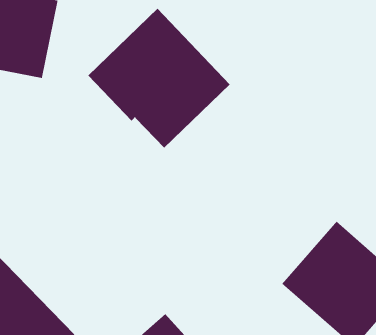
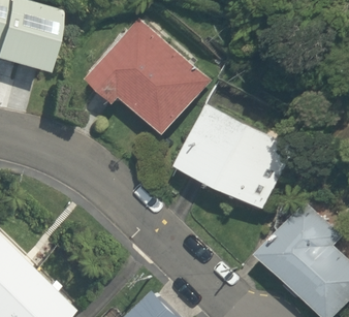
building: none -> [172,104,296,215]

